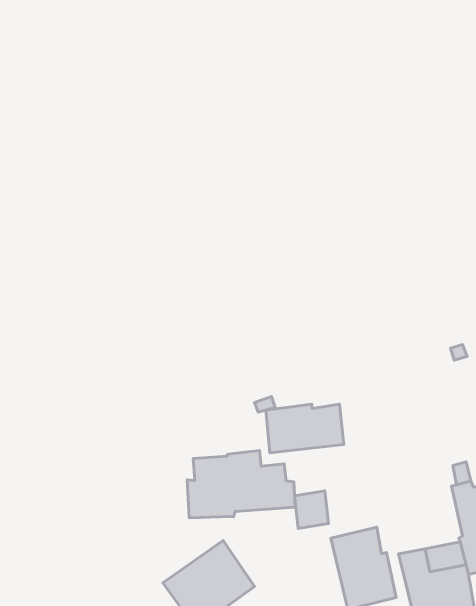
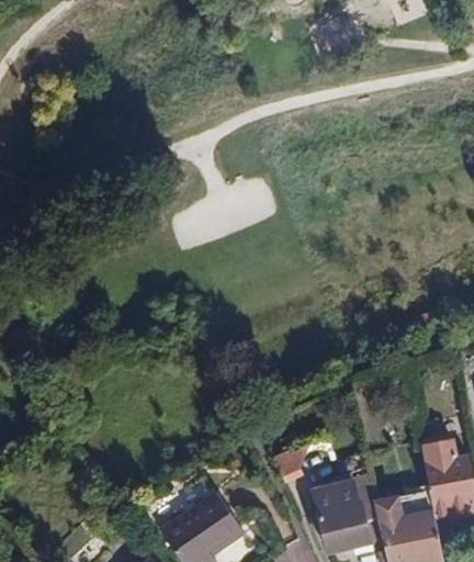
building: [266,404,344,453] -> none
building: [187,451,295,518] -> none

